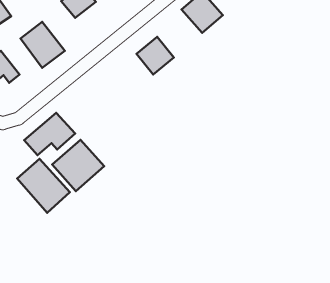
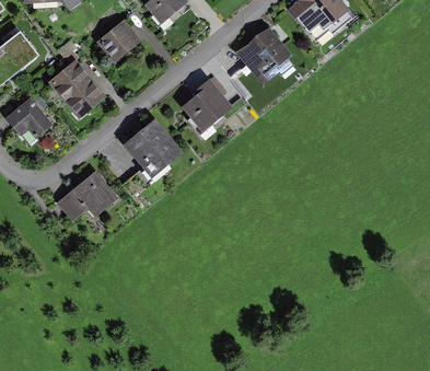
building: none -> [129,121,181,174]
building: [52,140,104,191] -> none
building: [17,159,70,213] -> none

